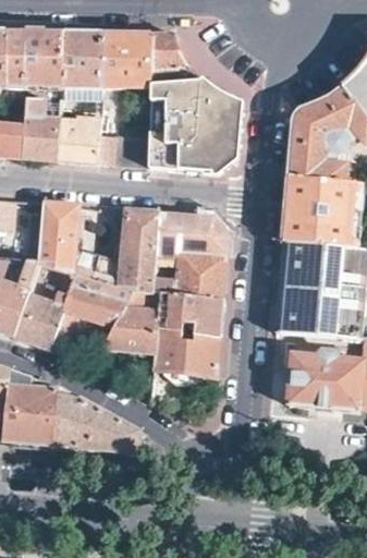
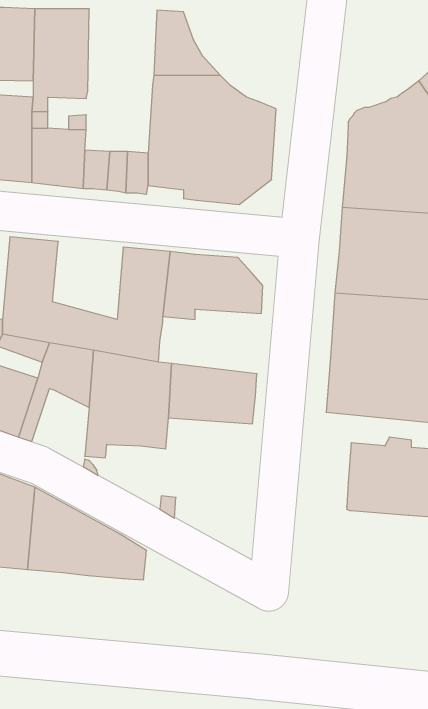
building: [99,31,150,93] -> none
building: [151,253,228,301] -> none
building: [155,333,221,387] -> none

